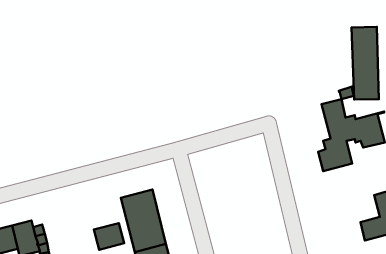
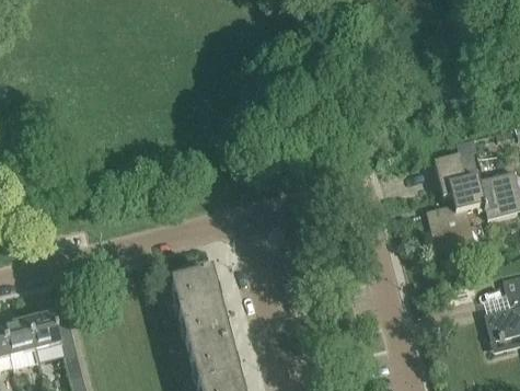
building: [352,27,379,99] -> none
building: [94,223,124,250] -> none

